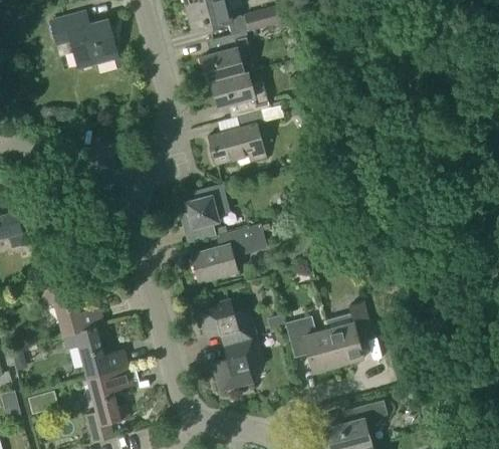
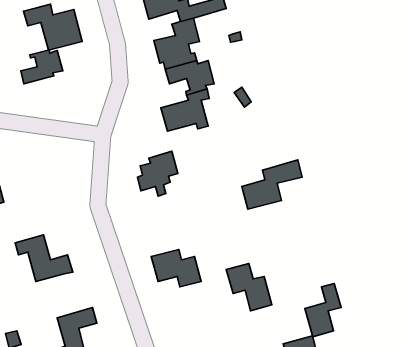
building: none -> [21,50,63,84]
building: [192,224,262,281] -> [242,160,302,209]
building: [328,301,370,364] -> [305,283,341,337]
building: [62,327,129,379] -> none
building: [213,336,262,390] -> none

